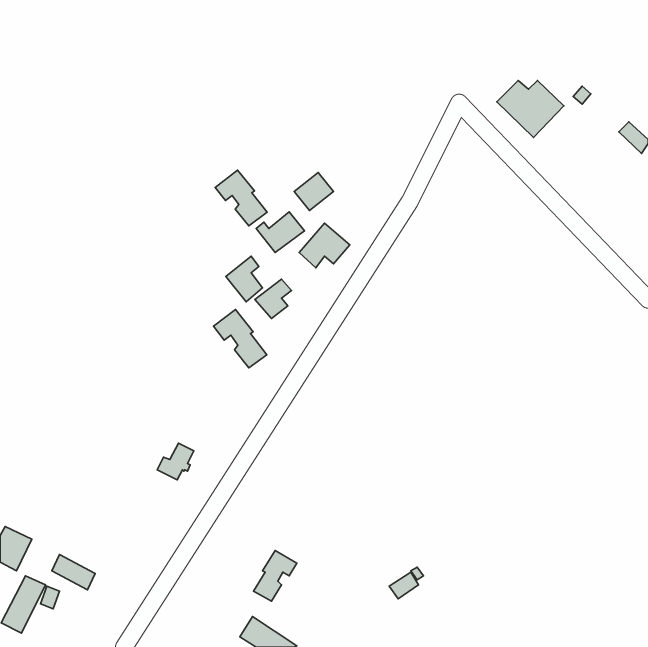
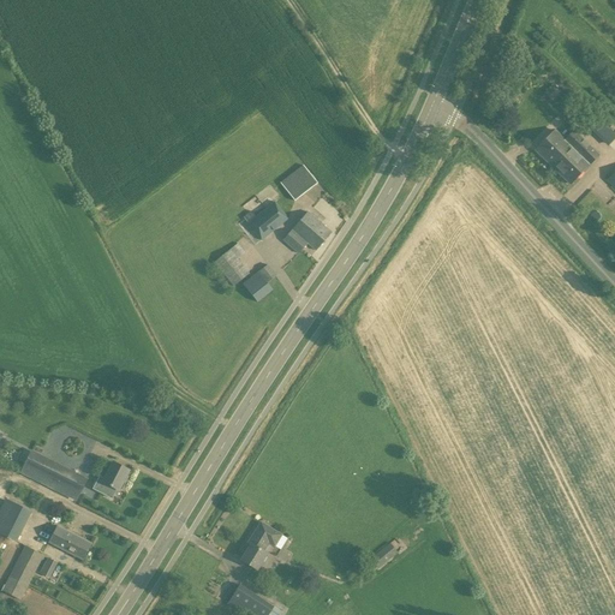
building: [497,80,564,137] -> [535,130,598,184]
building: [215,170,267,226] -> none
building: [213,310,267,368] -> none
building: [157,443,194,480] -> [92,462,127,497]
building: none -> [24,453,85,498]

